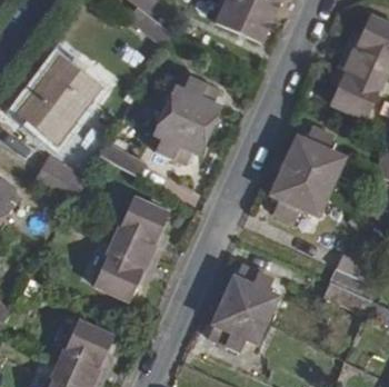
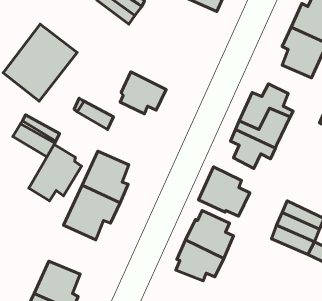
building: [162,81,212,129] -> none
building: none -> [29,145,81,201]
building: none -> [199,167,250,216]

